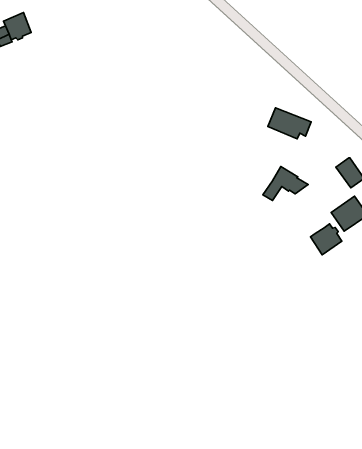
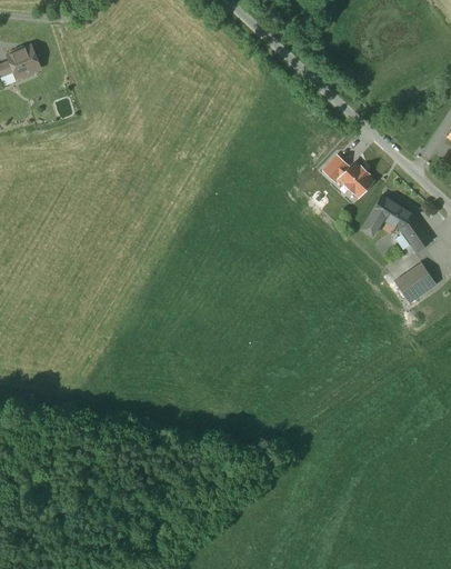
building: [263,167,308,200] -> [361,194,414,234]
building: [311,224,342,255] -> none

